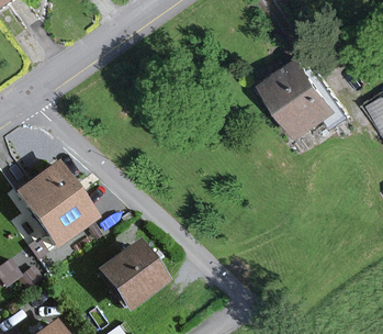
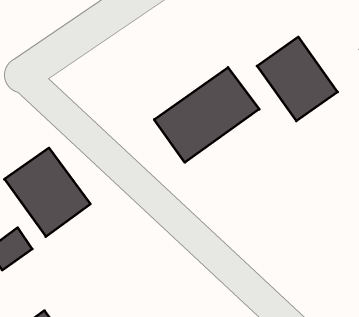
building: none -> [154,67,259,162]
building: [93,244,165,315] -> none

